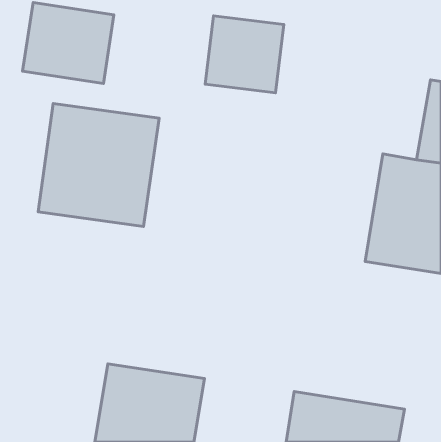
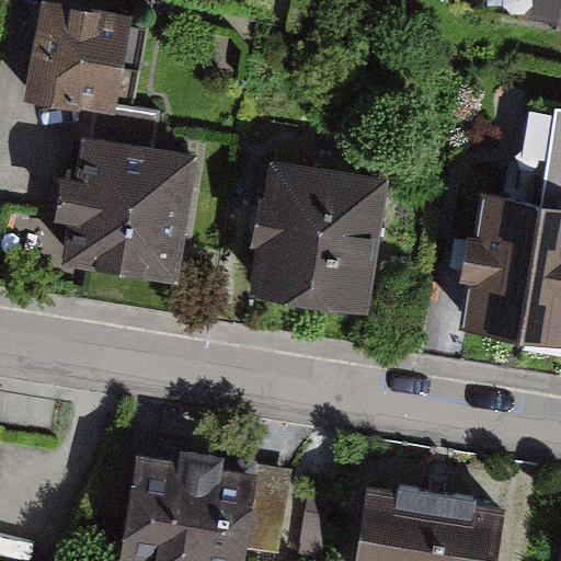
building: [205,16,284,93] -> none
building: none -> [252,162,389,318]

